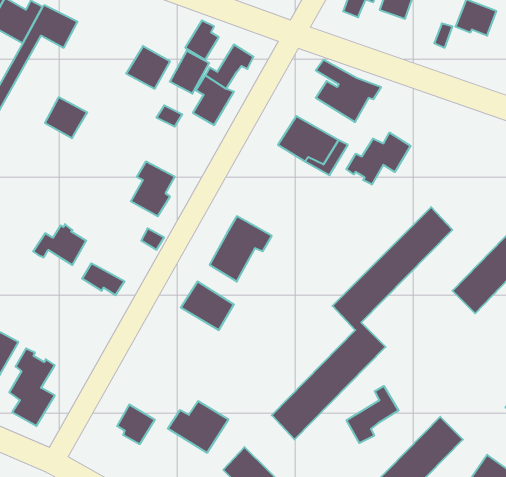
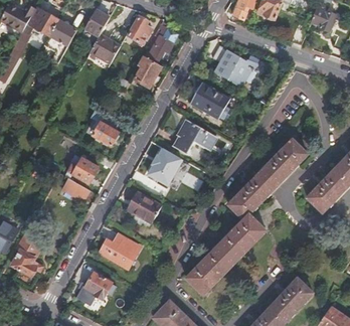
building: [170,51,209,94] -> [84,9,111,37]
building: [45,97,87,138] -> [48,19,76,46]
building: [346,133,410,185] -> none
building: none -> [175,117,216,151]
building: [33,224,86,265] -> [63,159,99,186]
building: [347,386,399,443] -> none
building: [168,401,228,453] -> [98,233,138,268]

